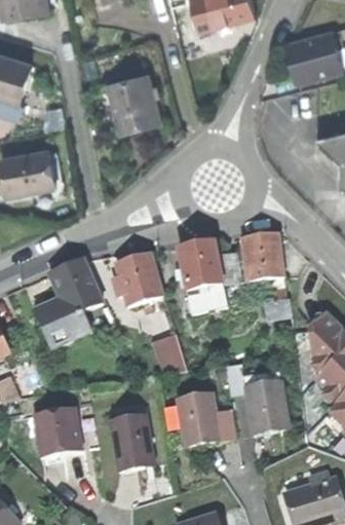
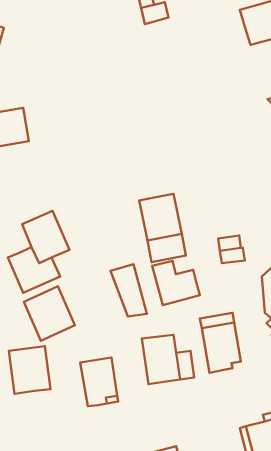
building: [109,73,160,130] -> none
building: [240,232,282,282] -> none
building: [114,253,160,306] -> none
building: none -> [152,261,200,305]
building: none -> [24,286,75,341]

